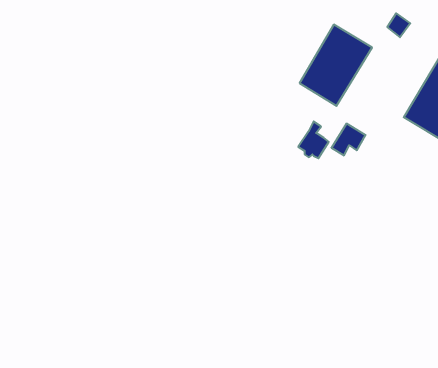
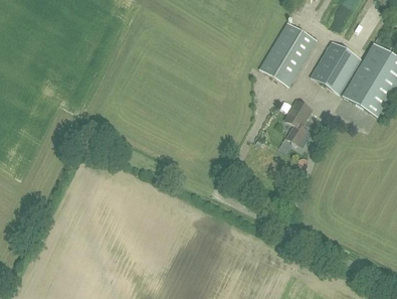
building: none -> [312,44,353,90]
building: [298,121,329,158] -> [287,117,312,146]

